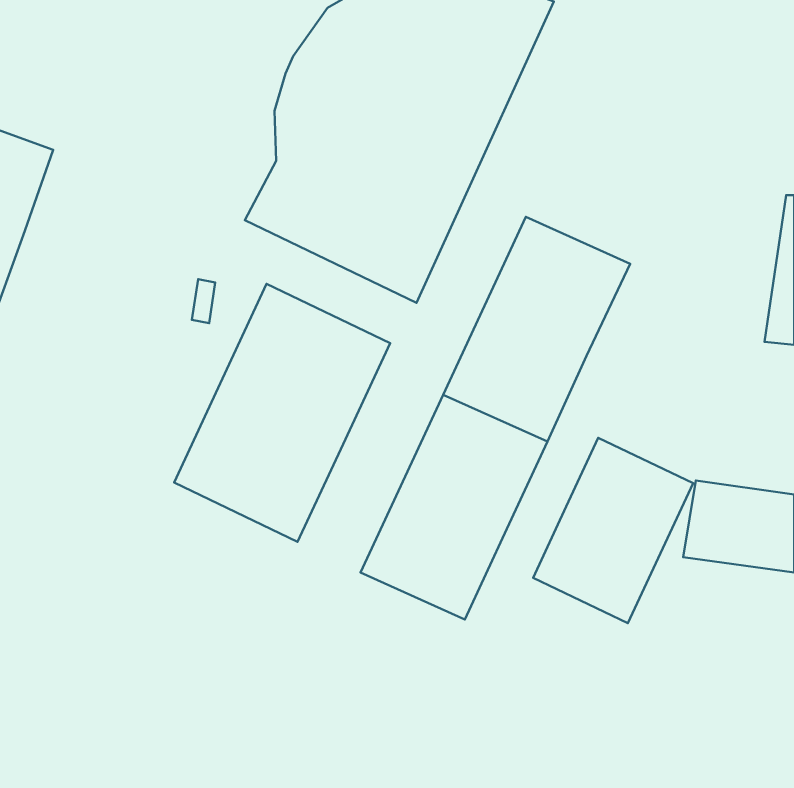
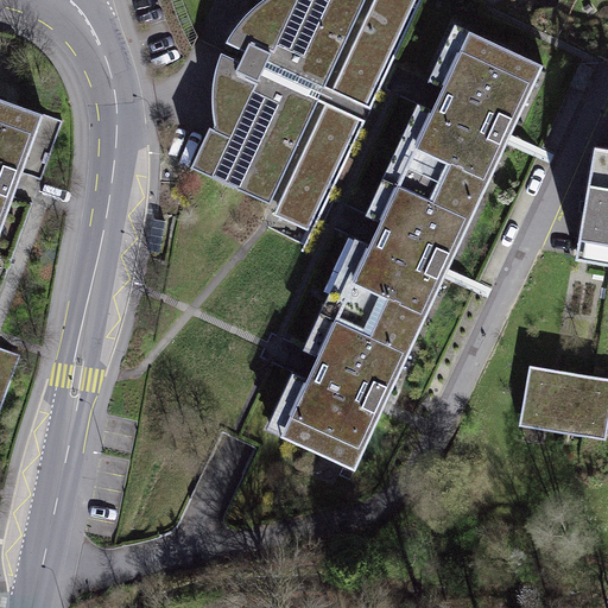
building: none -> [400,30,543,201]
building: [174,284,390,542] -> none
building: [533,438,693,623] -> none

